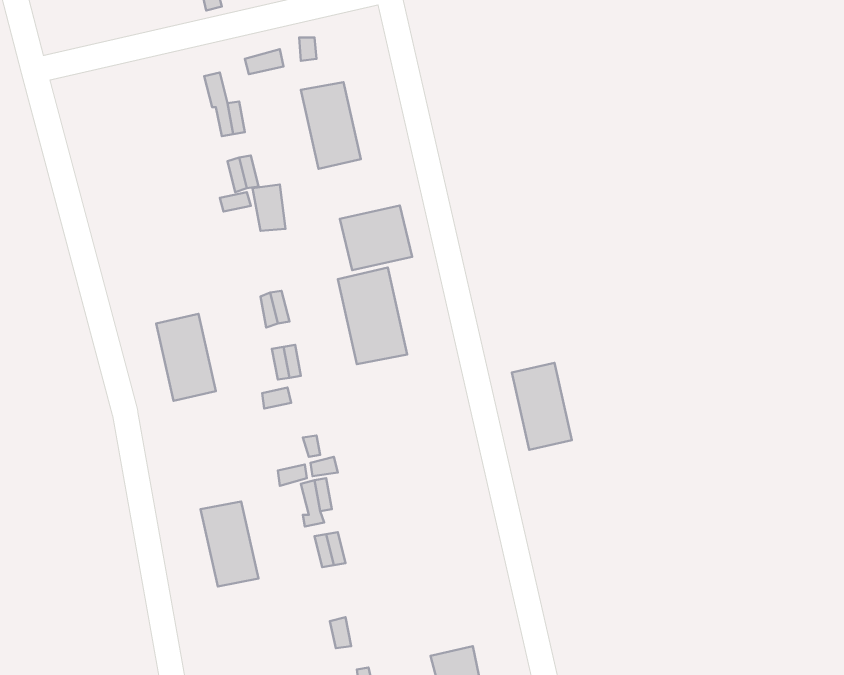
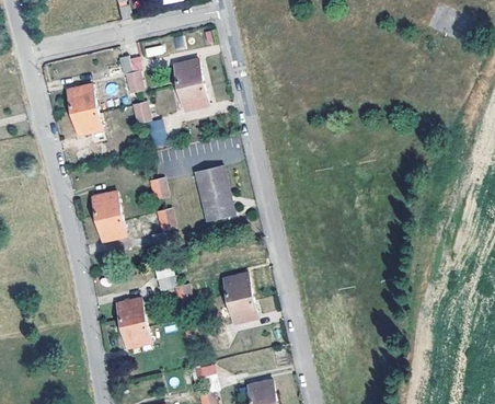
building: none -> [68,84,102,134]
building: [340,206,412,270] -> none
building: [512,363,572,450] -> [223,274,257,323]

